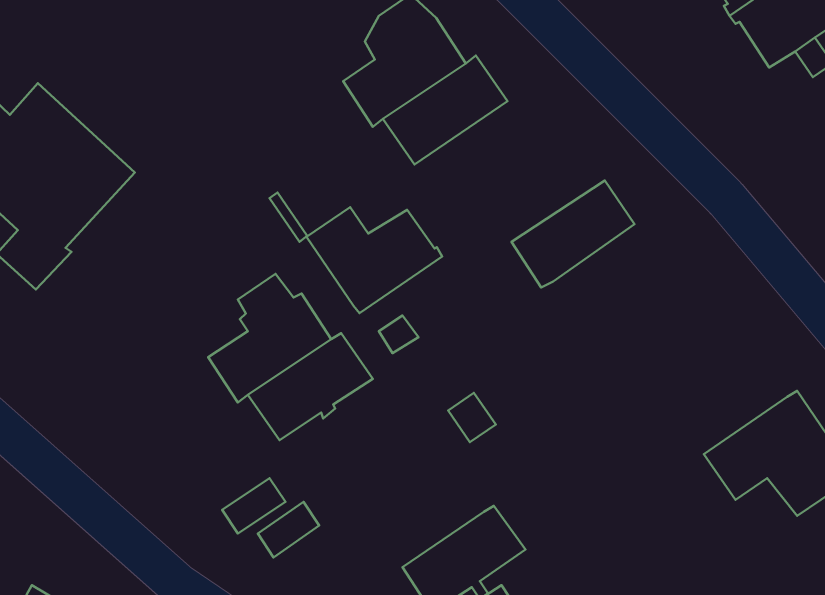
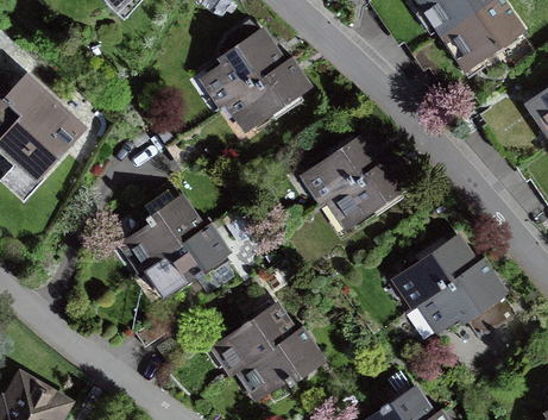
building: [306,207,442,313] -> none
building: none -> [333,157,407,222]
building: none -> [399,238,473,302]
building: none -> [218,306,291,371]

